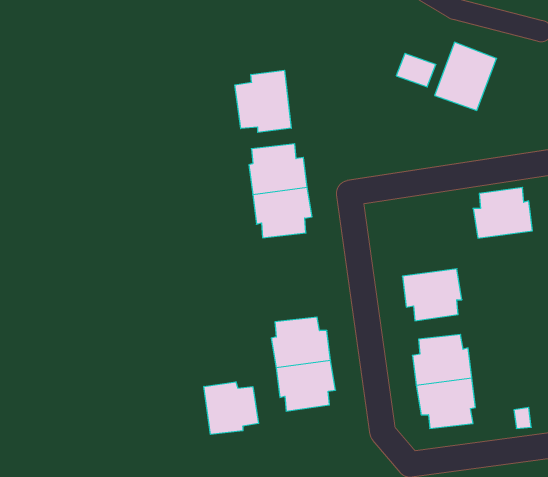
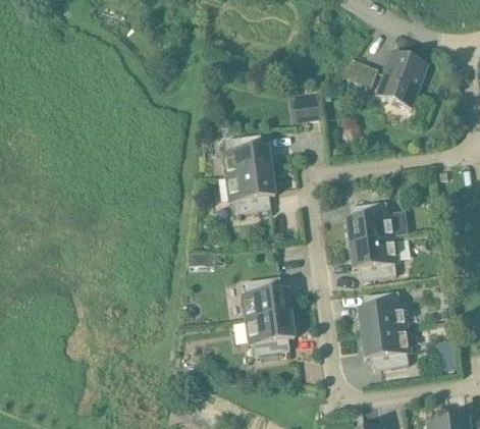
building: [235,70,291,132] -> none
building: none -> [294,97,320,121]
building: [473,187,532,238] -> [345,202,394,244]
building: [204,382,259,434] -> none

